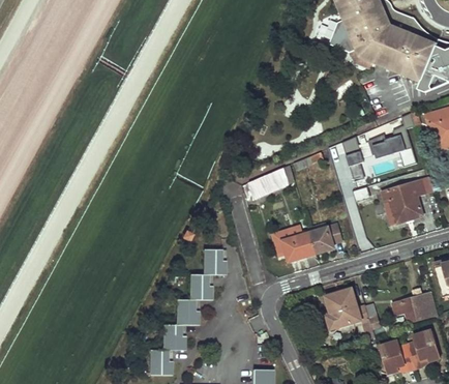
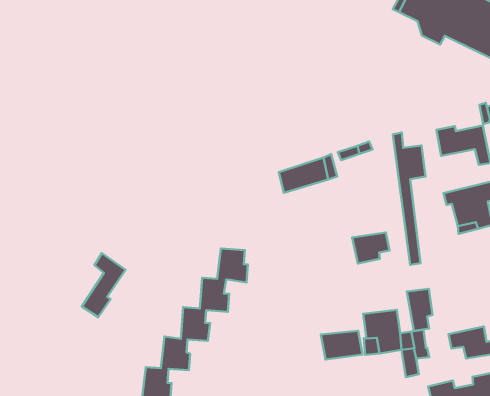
building: [283,231,316,257] -> none
building: none -> [82,253,125,317]
building: none -> [407,289,433,331]
building: none -> [321,331,363,359]

